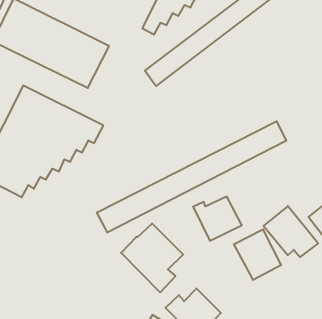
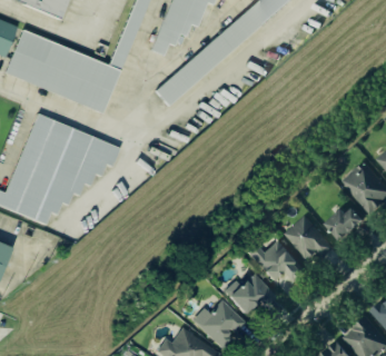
building: [97,121,286,232] -> none
building: [193,197,242,241] -> [228,275,277,319]
building: [121,223,183,292] -> none

